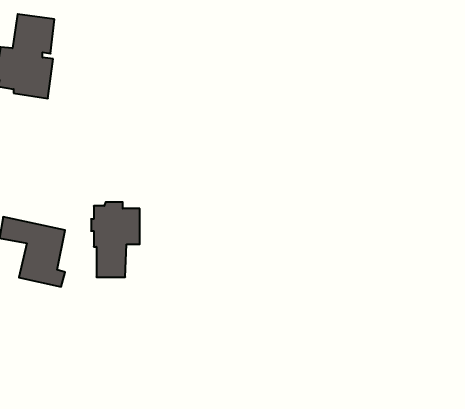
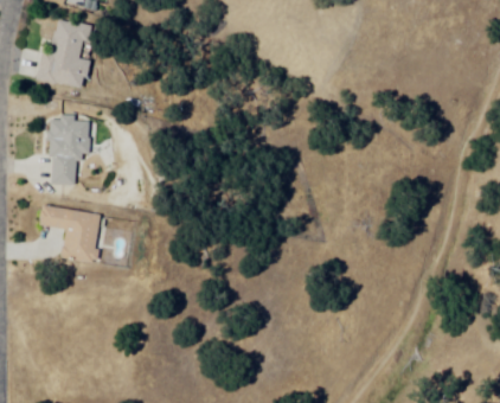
building: [91,202,140,277] -> [45,115,89,183]

